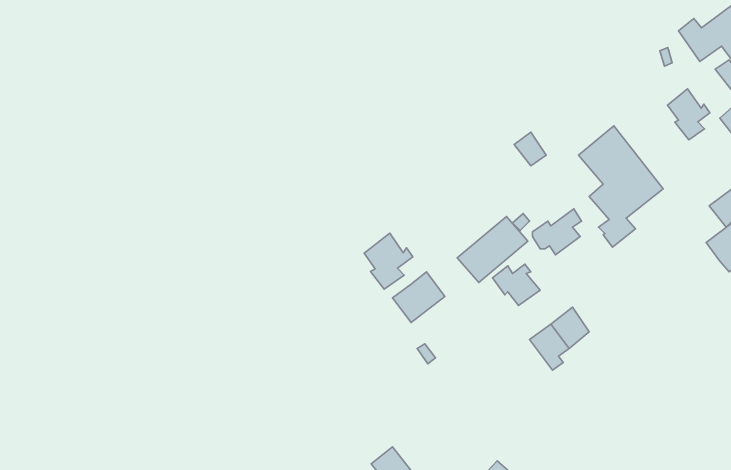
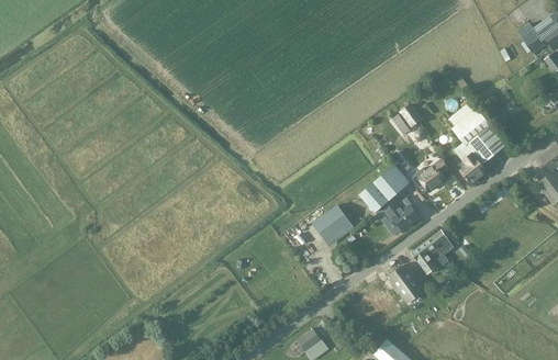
building: [667,89,710,140] -> none
building: [364,233,413,289] -> none
building: none -> [388,265,425,304]

